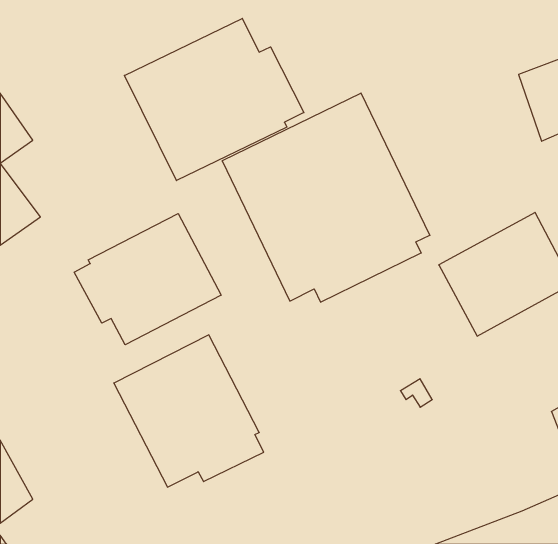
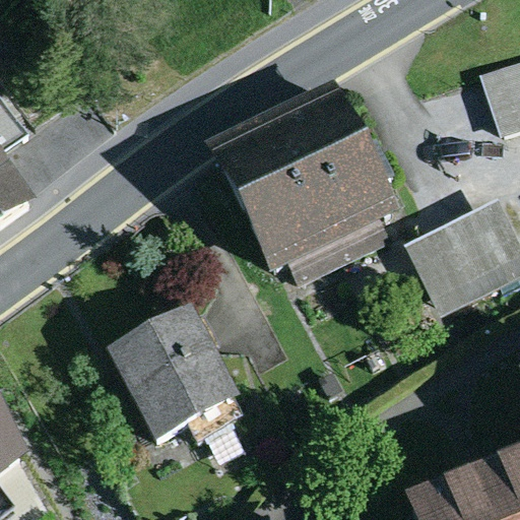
building: [124,18,304,181] -> none
building: [74,214,221,345] -> none

